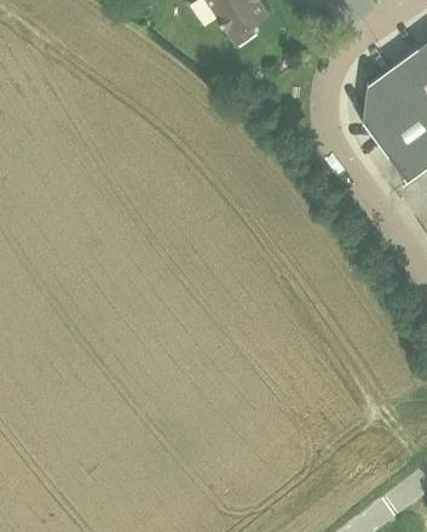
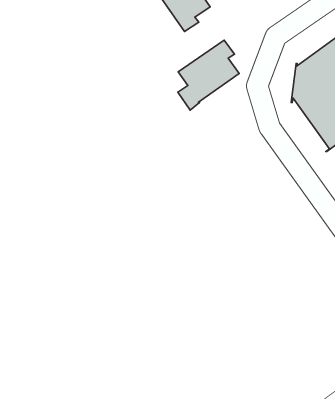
building: none -> [178,40,239,110]

